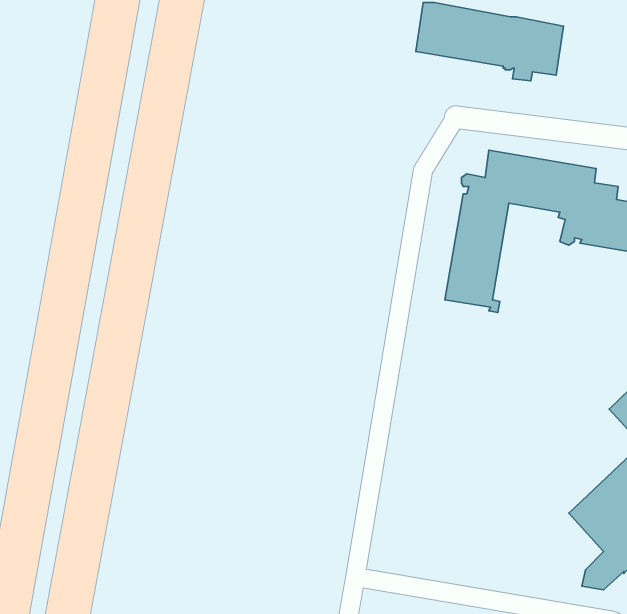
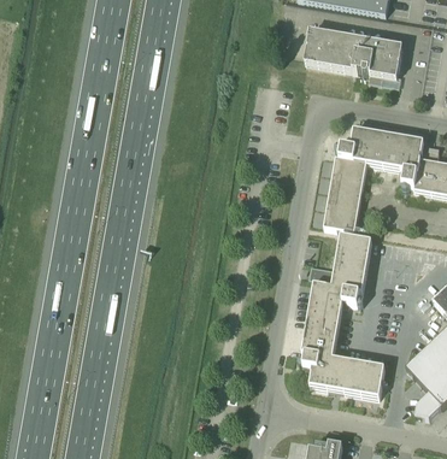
building: none -> [298,231,386,395]

